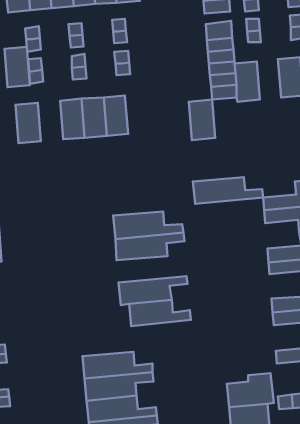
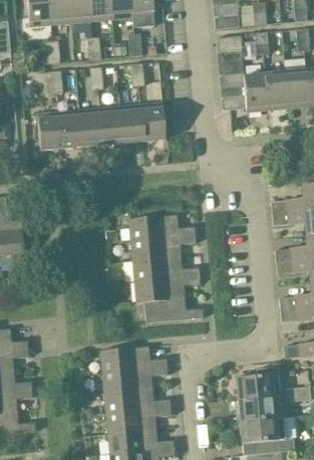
building: [4,47,30,87] -> [58,110,82,149]
building: none -> [265,71,288,109]
building: [189,100,215,140] -> [140,103,166,142]
building: [193,177,263,204] -> [132,257,199,282]

